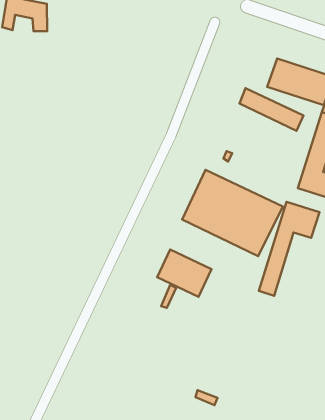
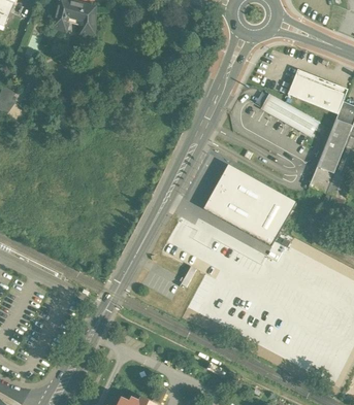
building: [259,202,319,296] -> none
building: [157,249,211,297] -> none

